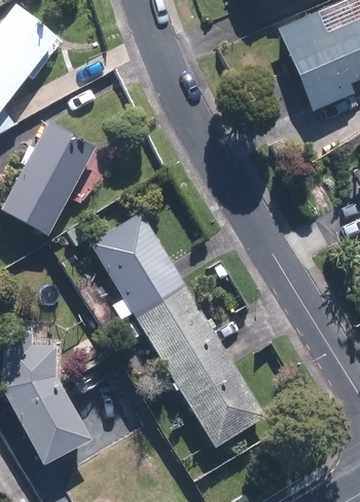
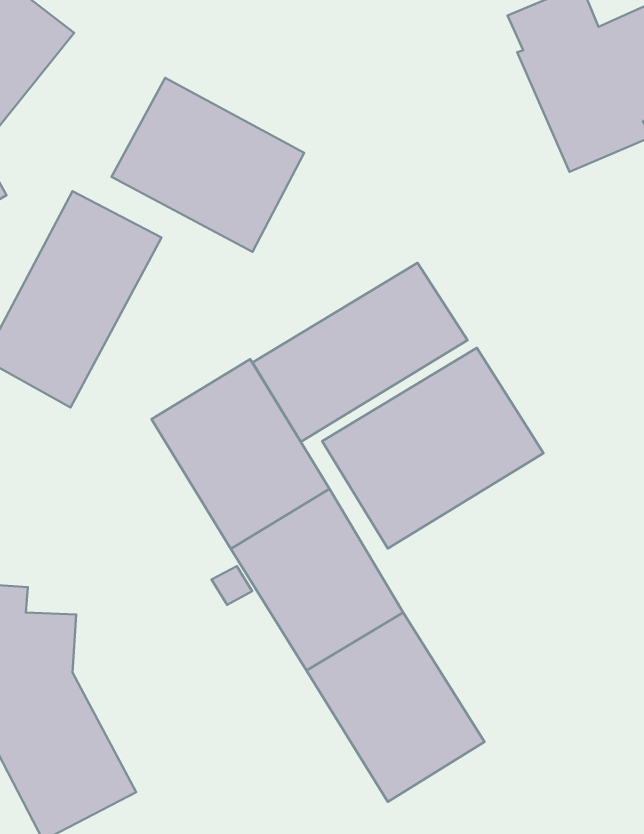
building: none -> [111,78,304,252]
building: none -> [253,263,467,442]
building: none -> [322,348,543,548]

